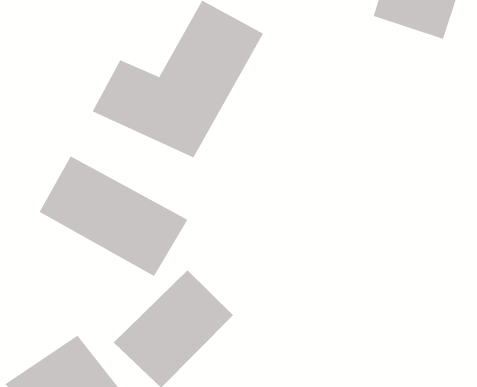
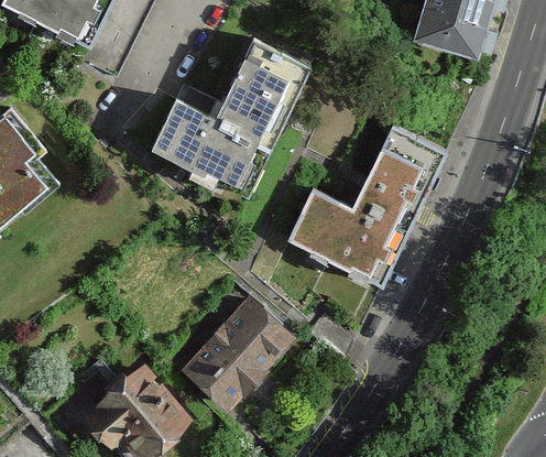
building: none -> [291,126,440,282]
building: [39,155,188,277] -> none

